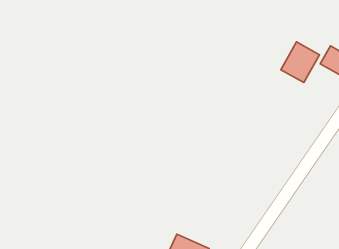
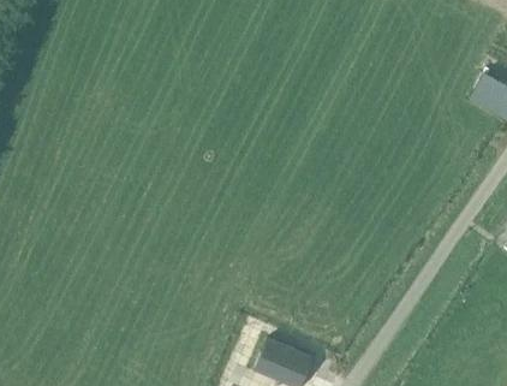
building: [281,42,320,83] -> none

